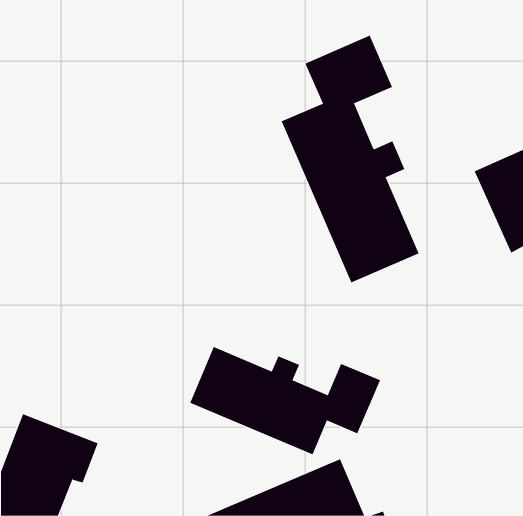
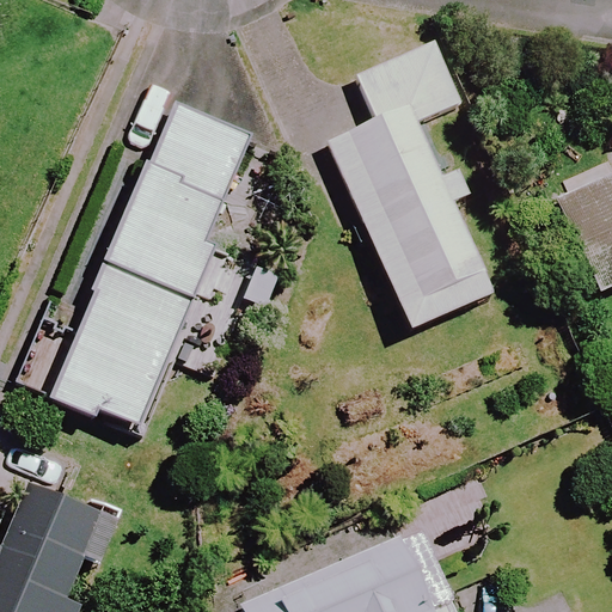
building: none -> [51,104,247,433]
building: [190,346,381,455] -> none

